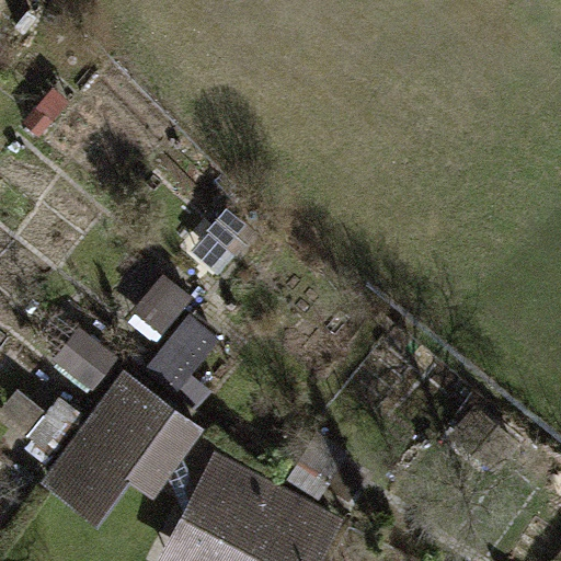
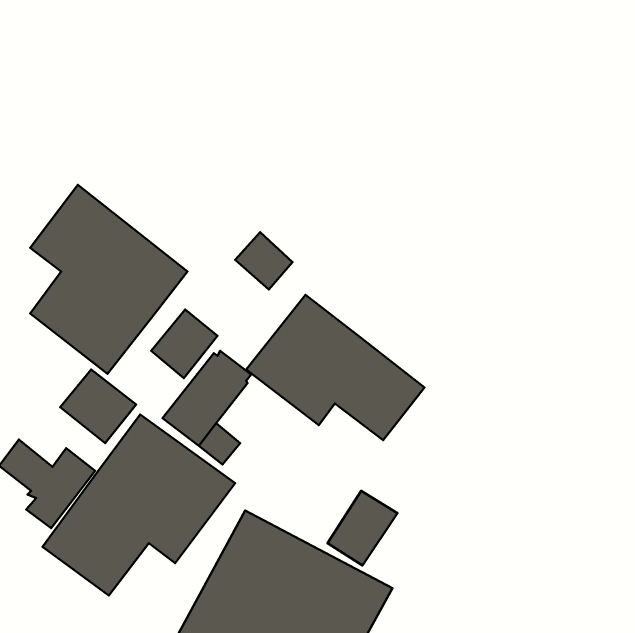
building: none -> [30,185,188,374]
building: none -> [246,295,424,440]

